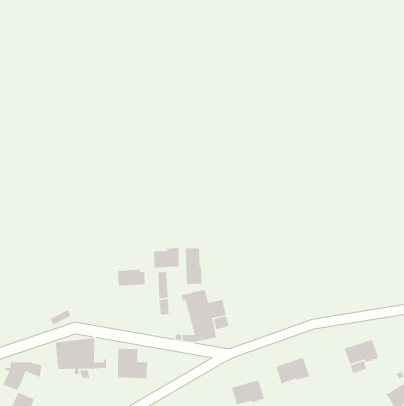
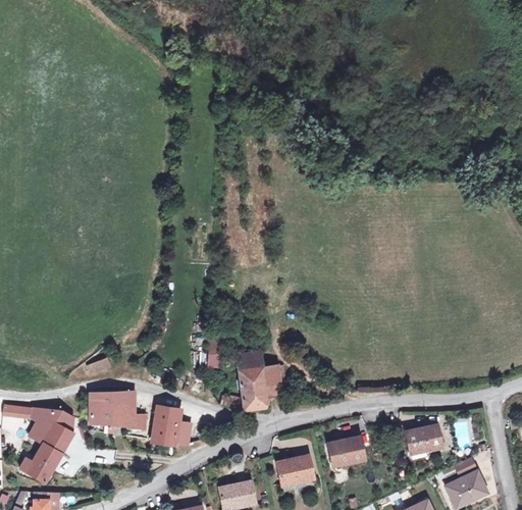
building: [153,247,180,268] -> none
building: [185,248,202,285] -> none
building: [117,269,146,287] -> none
building: none -> [44,422,74,453]

